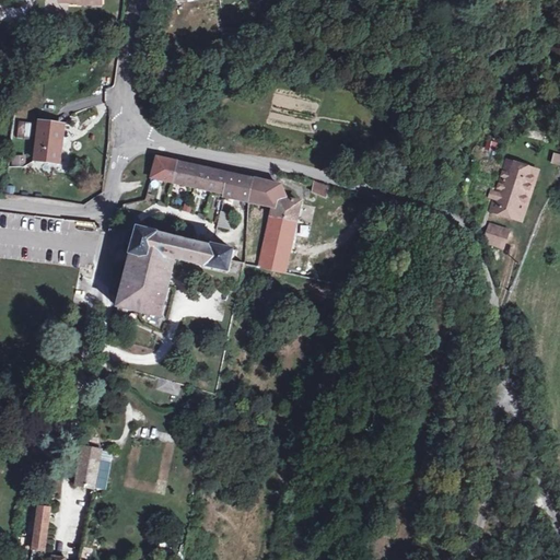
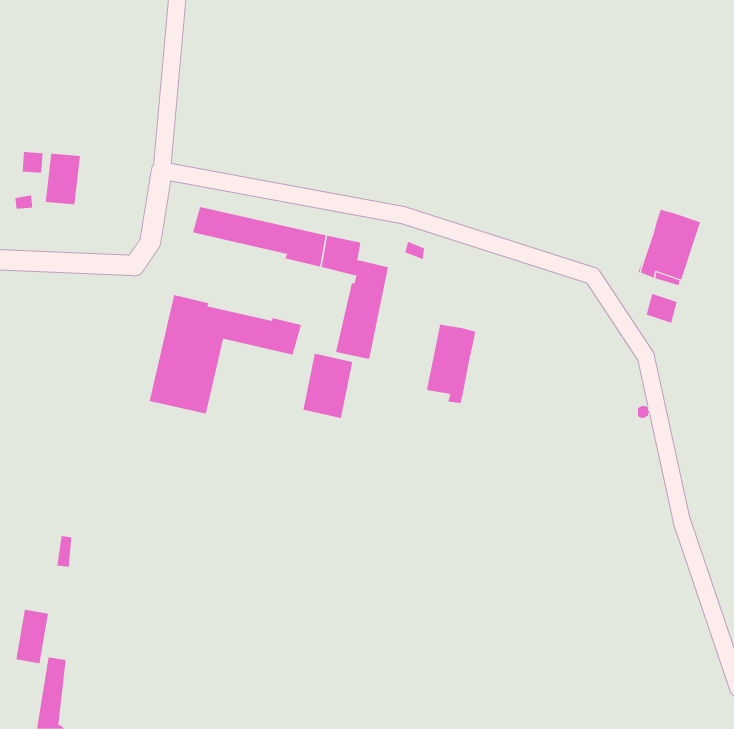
building: none -> [426,324,476,404]
building: none -> [303,353,353,419]
building: [79,440,104,481] -> [16,609,49,664]

